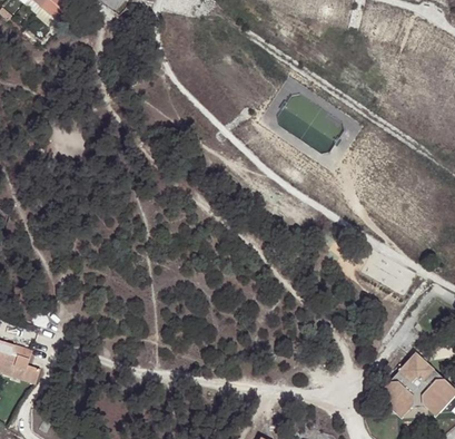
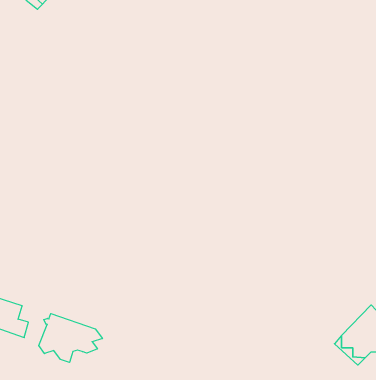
building: none -> [39,314,102,362]

